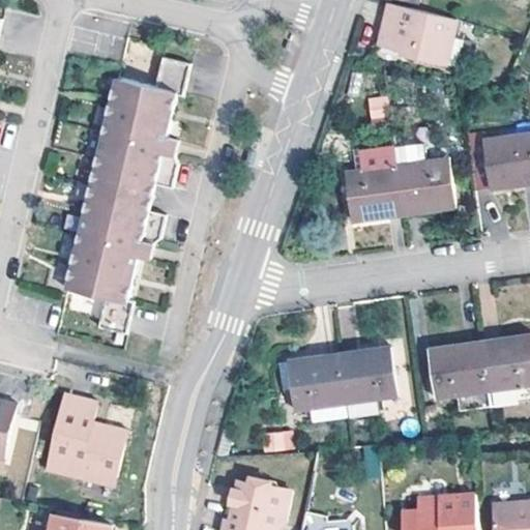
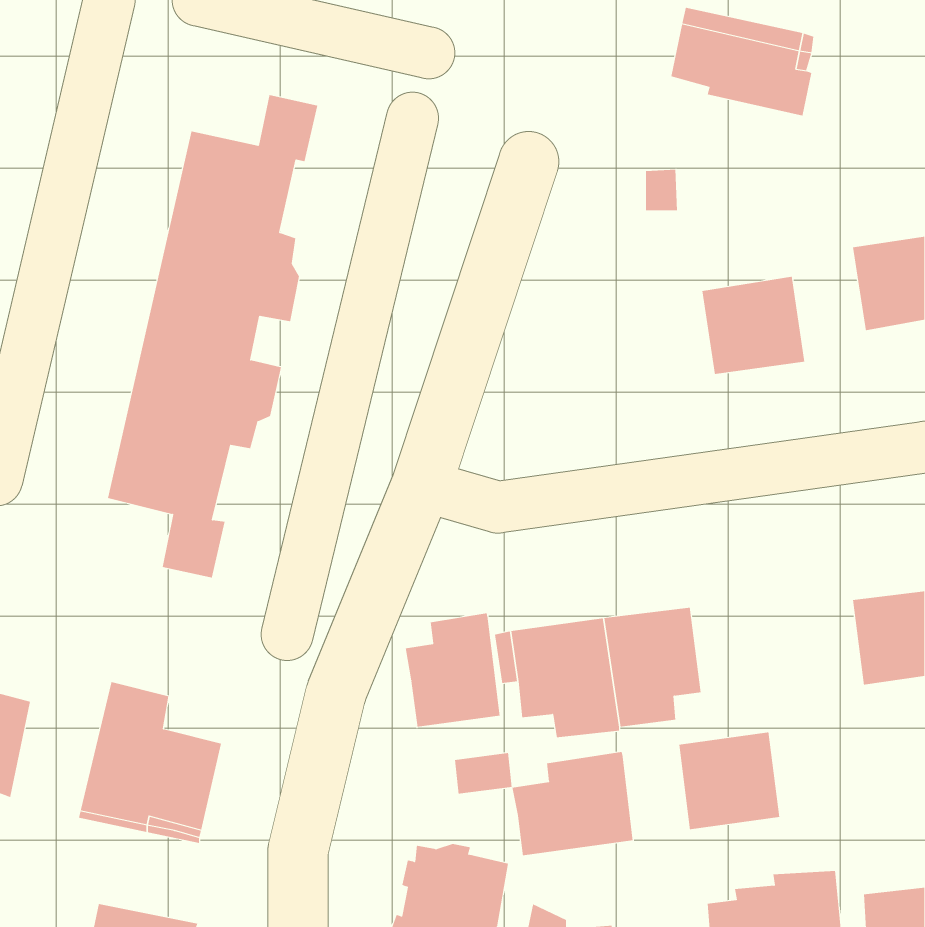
building: [349,146,407,223] -> none
building: [434,343,492,399] -> [678,732,780,830]
building: none -> [405,613,500,728]
building: none -> [512,751,633,856]

